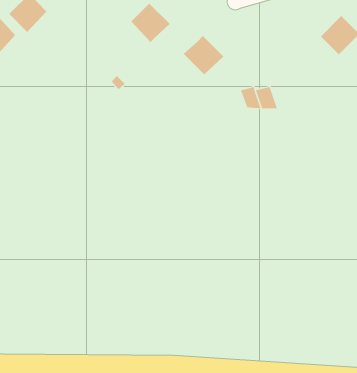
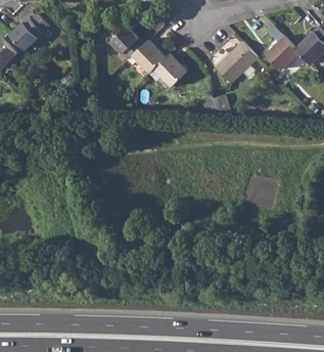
building: none -> [131,39,165,72]
building: none -> [215,41,257,82]

